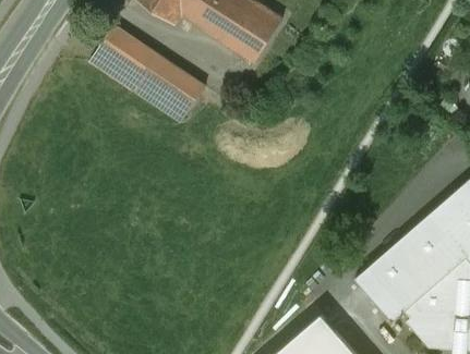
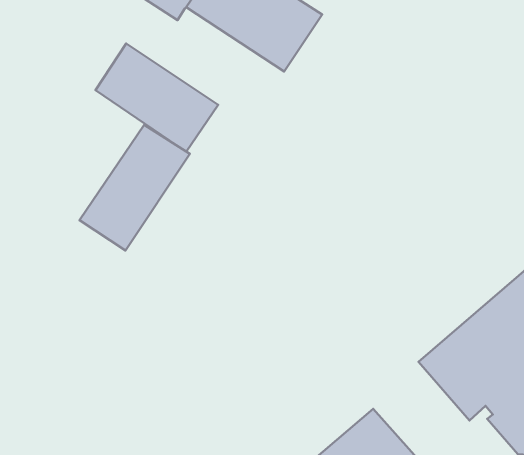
building: [91,26,136,76] -> none
building: none -> [79,125,190,250]

